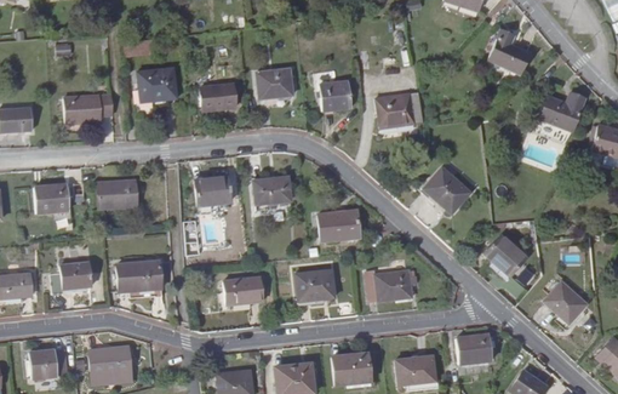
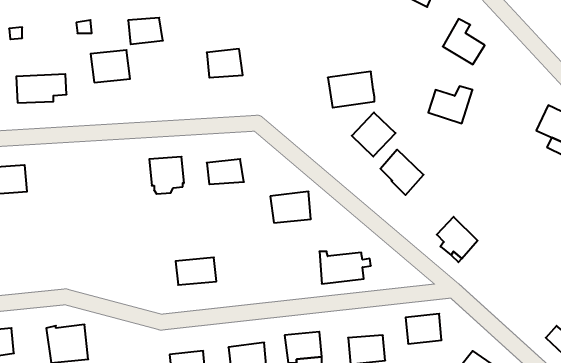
building: [317,76,349,105] -> none
building: [200,80,235,107] -> [128,18,163,44]
building: [537,95,582,132] -> [428,86,473,123]
building: none -> [352,112,396,157]
building: [98,177,137,205] -> none
building: [118,258,159,296] -> none
building: [52,259,93,293] -> none
building: [294,268,333,298] -> none
building: [545,282,588,324] -> none

